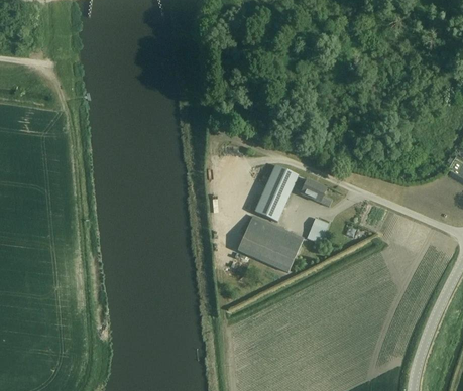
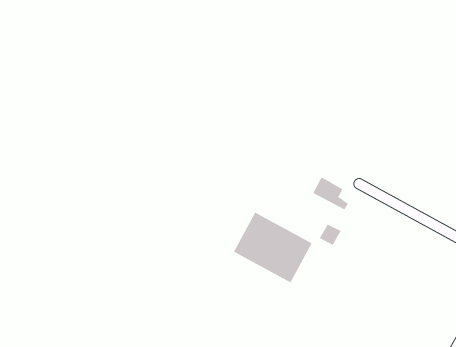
building: [254,164,298,221] -> none

